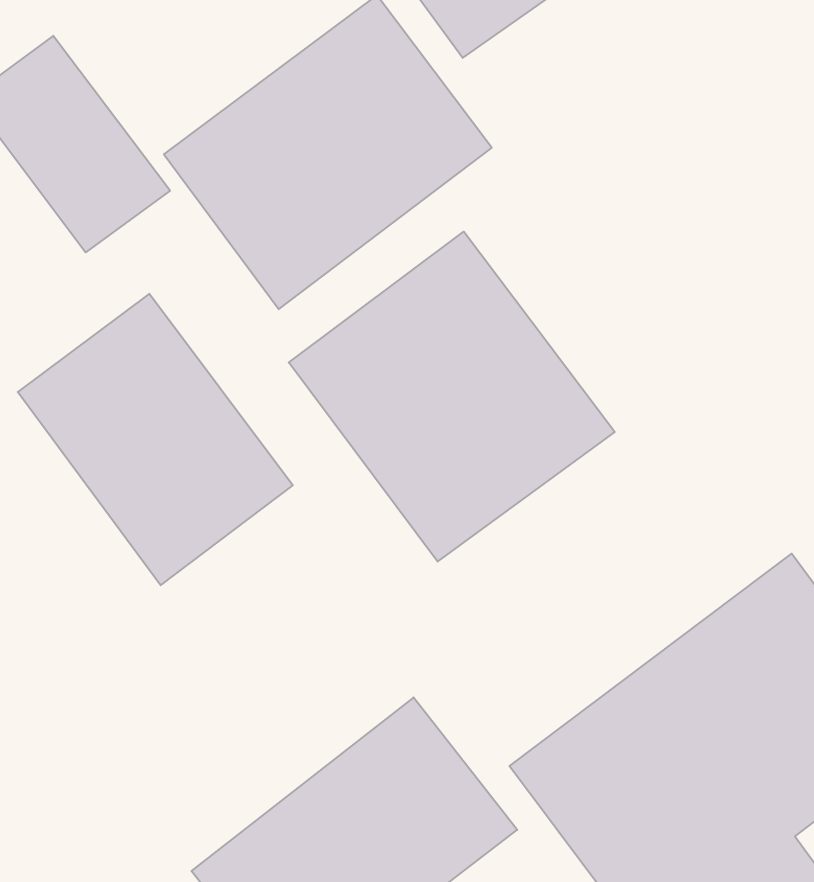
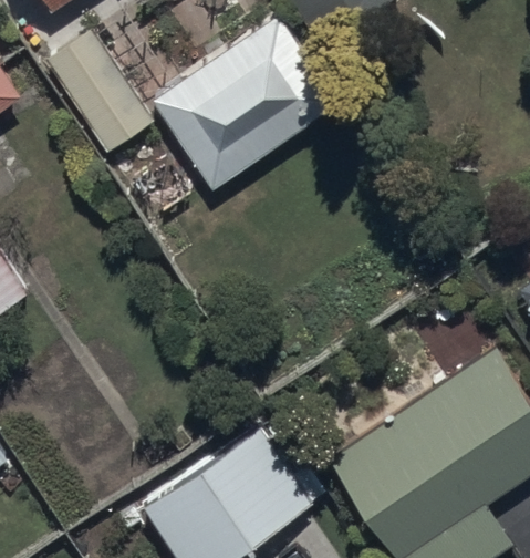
building: [289,232,615,562] -> none
building: [18,294,293,585] -> none

